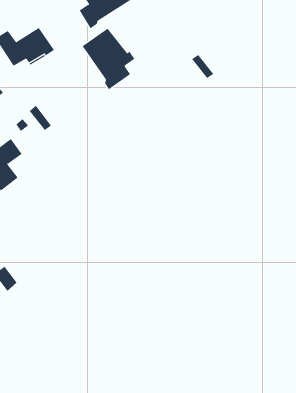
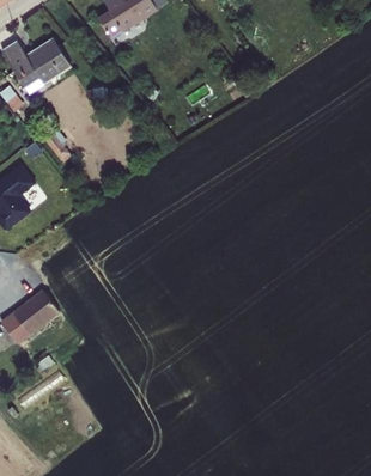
building: [82,28,135,90] -> none
building: none -> [14,291,59,332]

